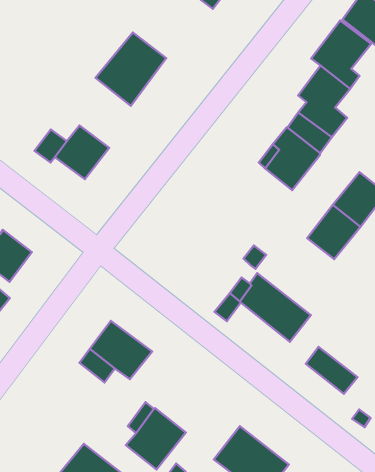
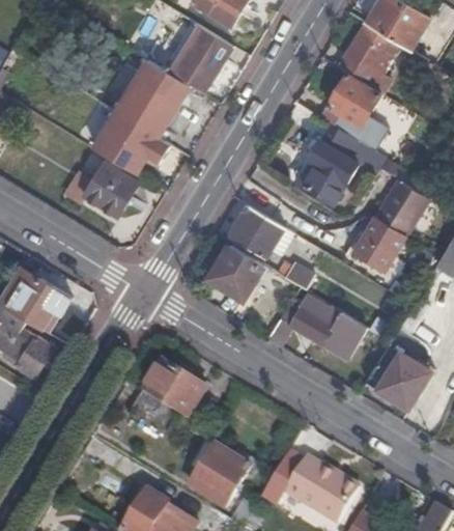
building: none -> [173,26,230,89]
building: none -> [94,111,168,173]
building: none -> [227,205,284,259]
building: none -> [207,245,263,300]
building: none -> [376,346,430,391]

